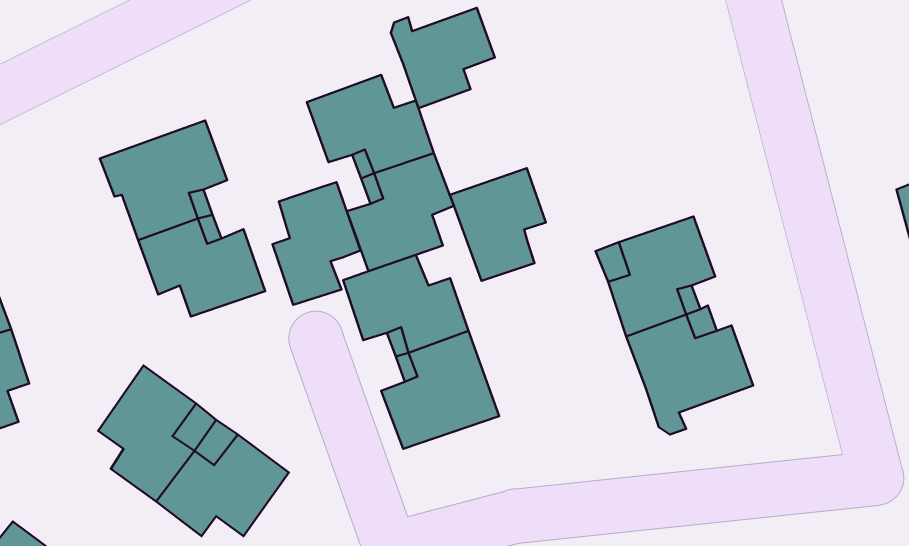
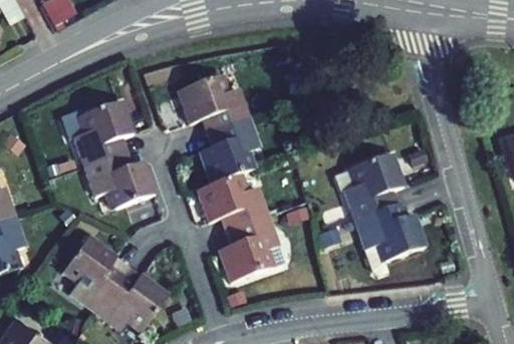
building: [391,8,495,108] -> none
building: [450,168,546,281] -> none
building: [273,182,361,305] -> none

